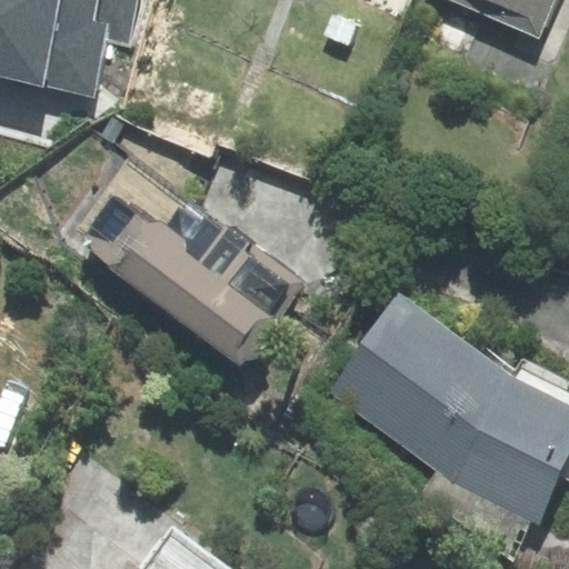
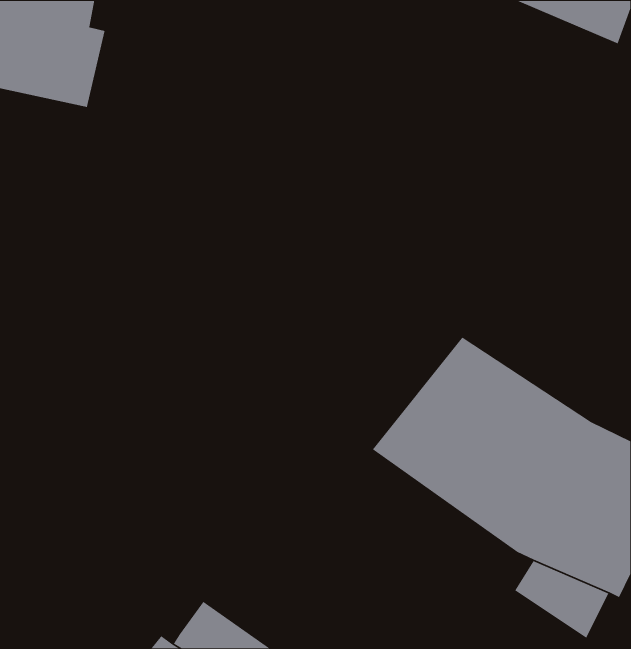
building: [123,213,297,360] -> none

